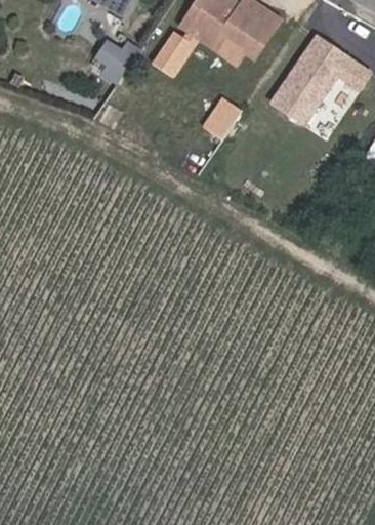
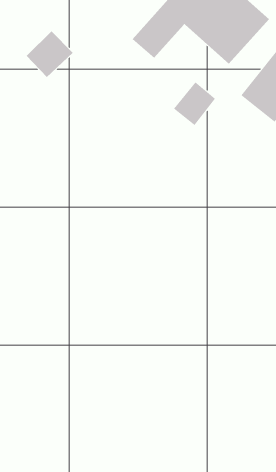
building: [88,36,136,85] -> [26,30,74,78]

